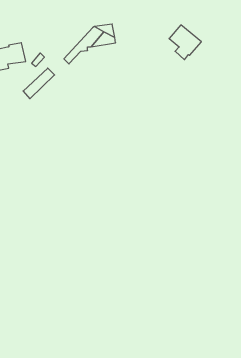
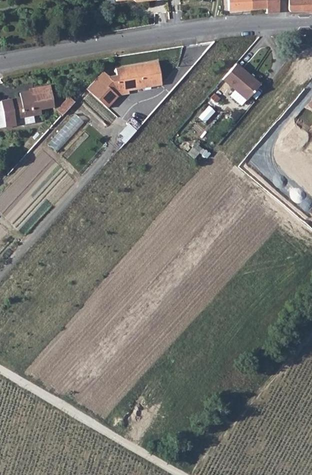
building: none -> [84,67,133,104]

